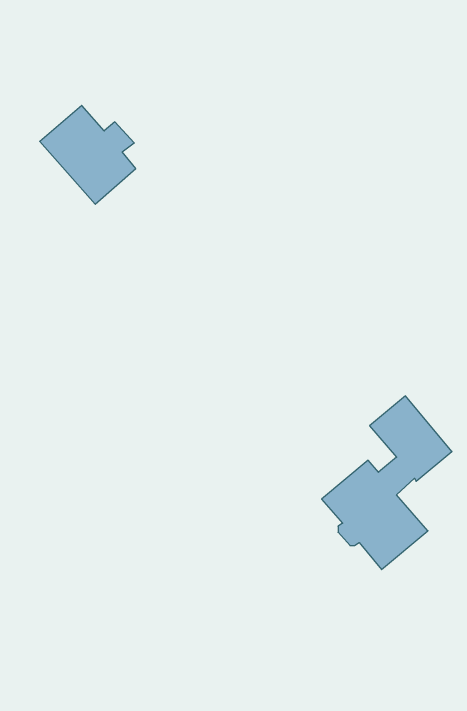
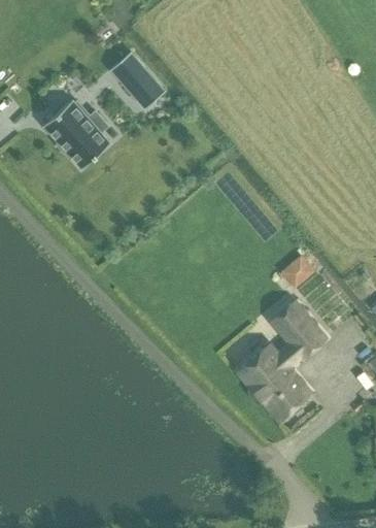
building: none -> [110,52,165,108]
building: none -> [280,256,313,289]

